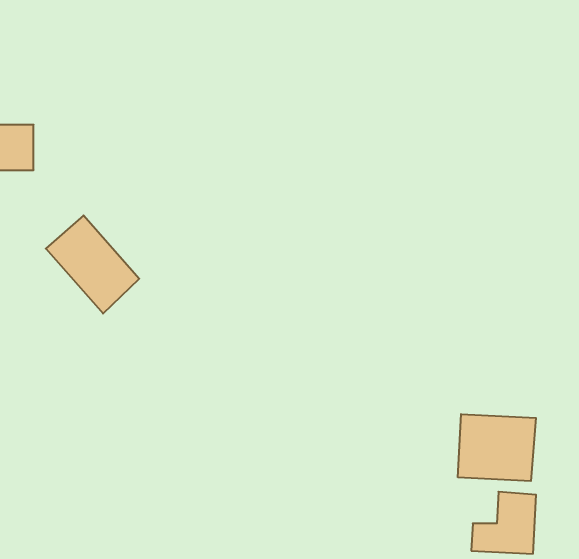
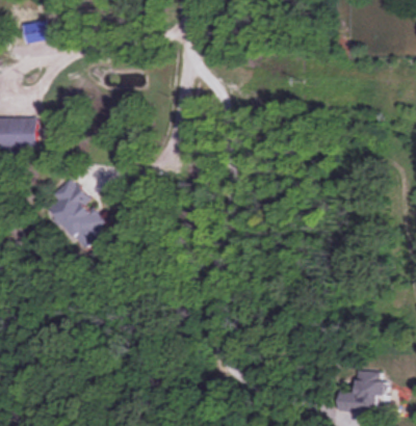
building: [458,414,536,481] -> none

